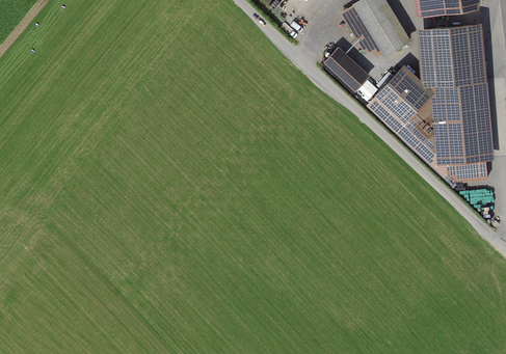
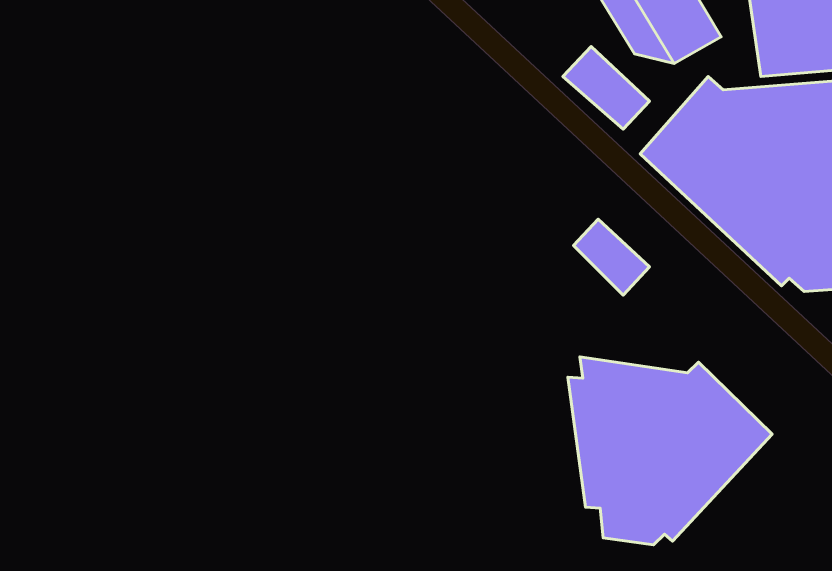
building: none -> [574,219,650,295]
building: none -> [568,357,772,545]

